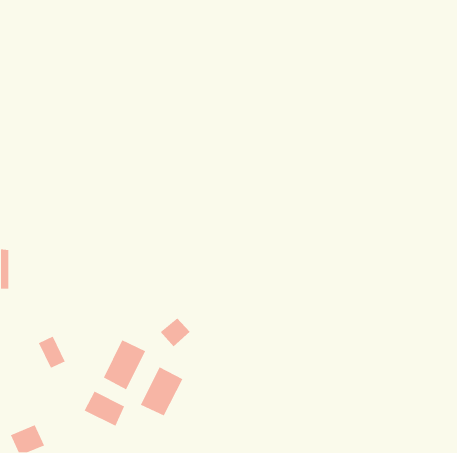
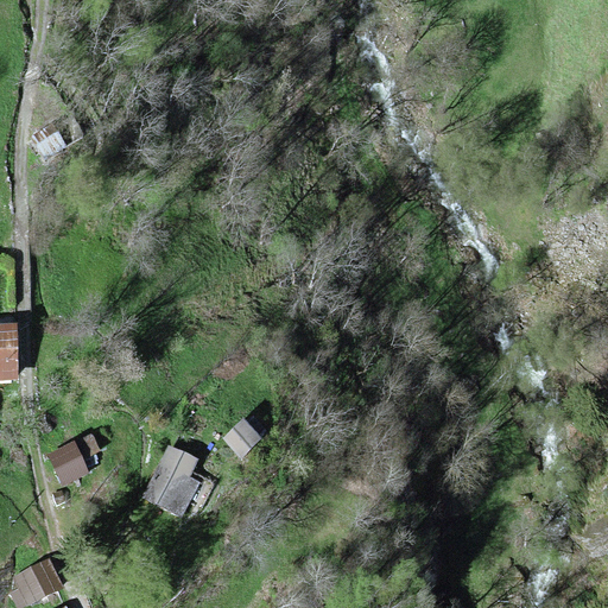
building: [140,366,183,417] -> none
building: [84,390,125,427] -> none

